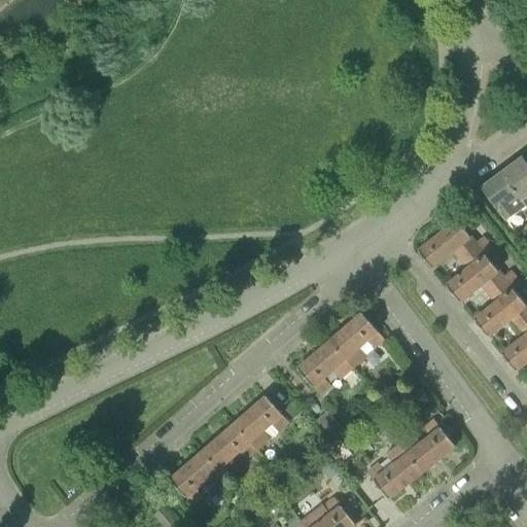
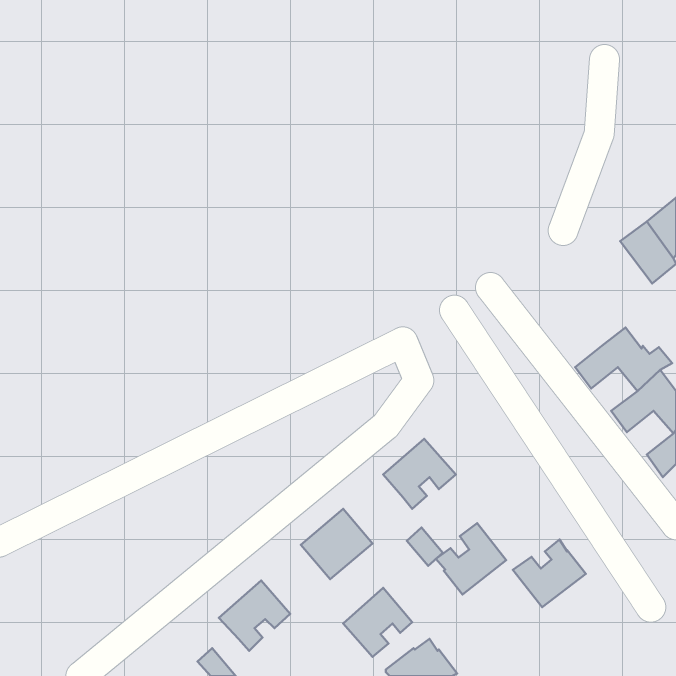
building: [419,220,494,269] -> none
building: [329,313,385,368] -> none
building: [203,423,256,477] -> [343,588,412,657]
building: [366,443,421,498] -> [436,523,506,595]

